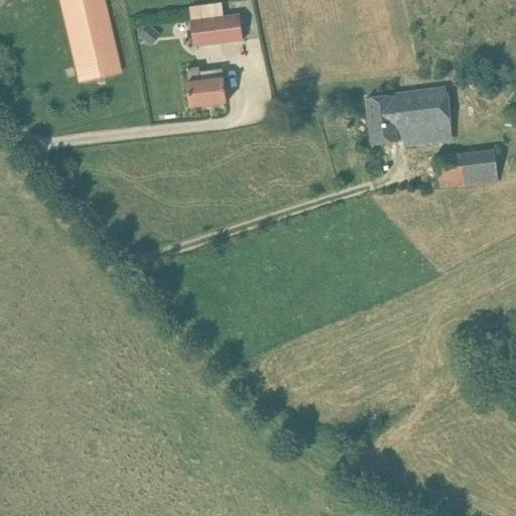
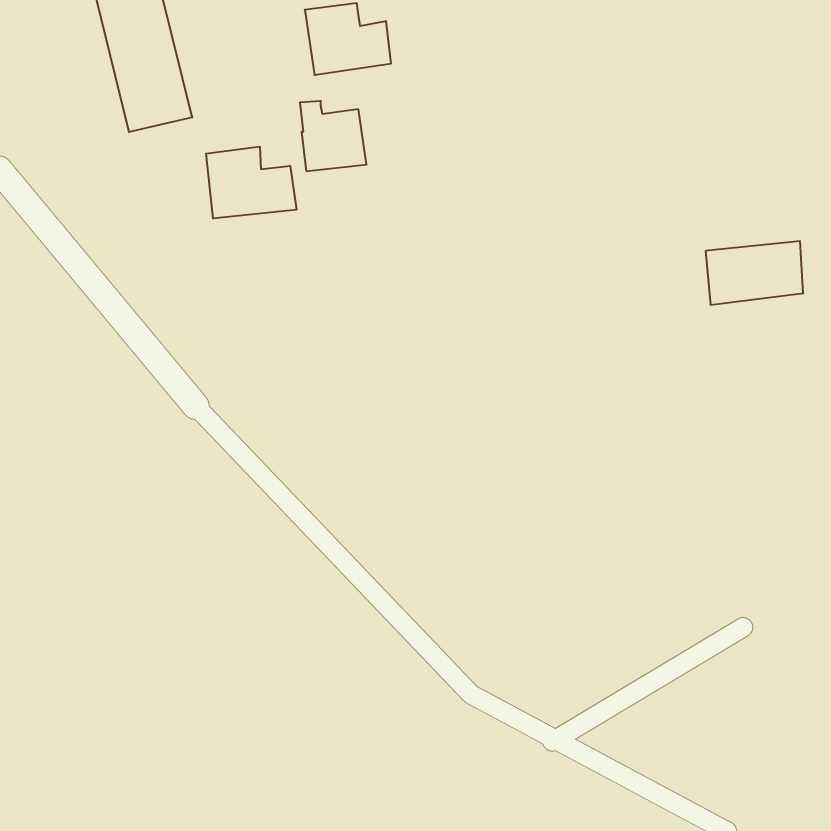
building: [366,87,452,145] -> none
building: none -> [206,147,296,219]

